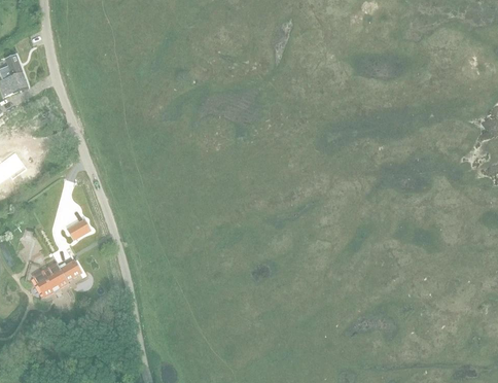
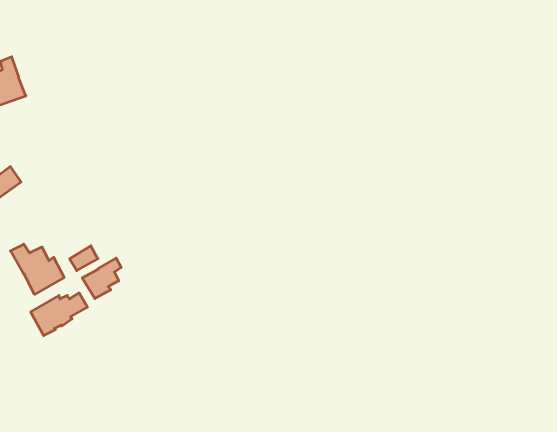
building: none -> [10,244,64,294]
building: none -> [82,258,121,299]

